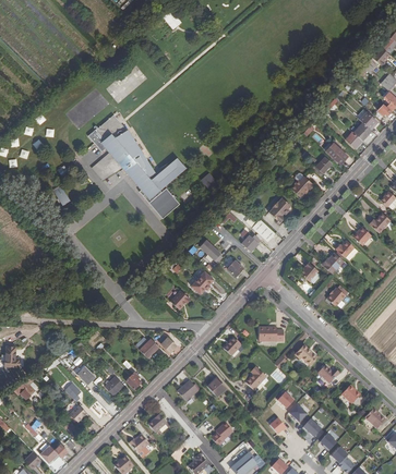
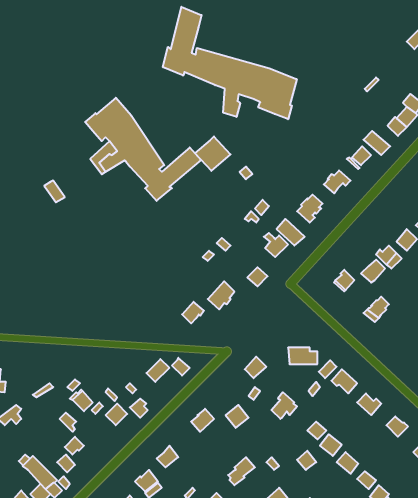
building: none -> [163,7,297,119]
building: [148,189,179,218] -> [195,136,231,171]

